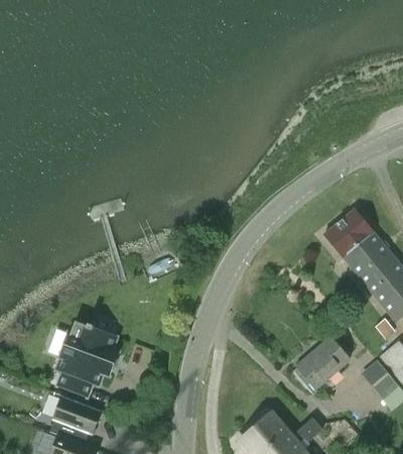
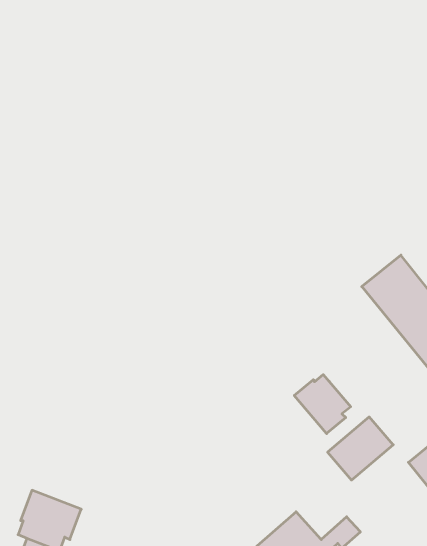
building: none -> [294,375,351,434]
building: [48,322,119,398] -> none

